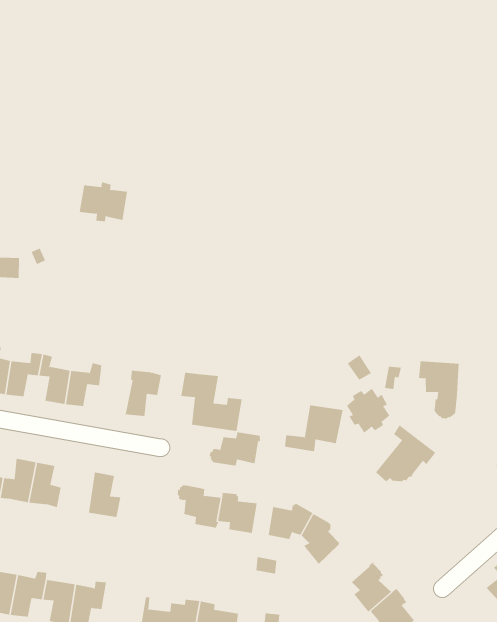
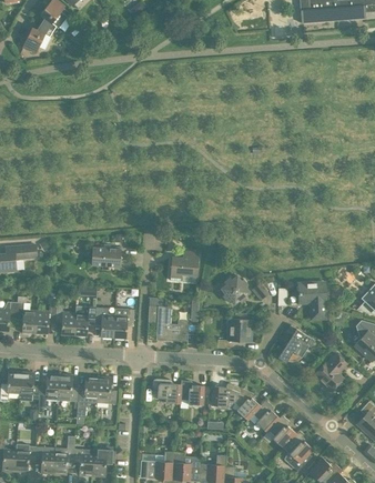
building: [79,182,128,222] -> [90,244,120,270]
building: none -> [169,252,197,281]
building: none -> [94,308,114,338]
building: [346,388,390,434] -> [220,275,249,305]
building: [209,432,260,466] -> none
building: none -> [75,375,97,417]
building: none -> [314,354,345,390]
building: none -> [252,400,278,433]

